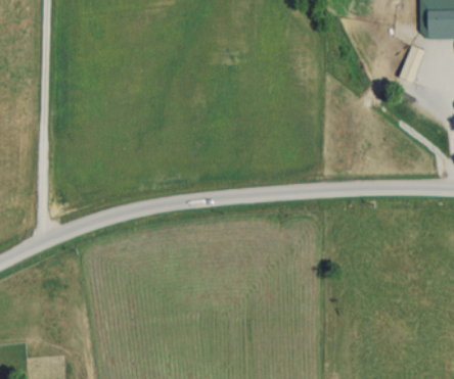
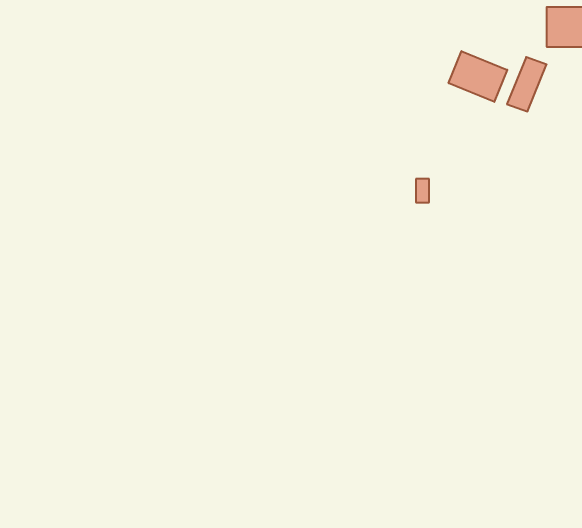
building: none -> [449,51,507,102]

